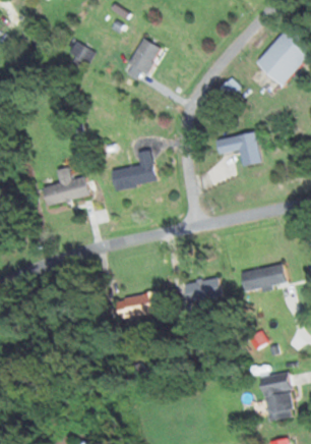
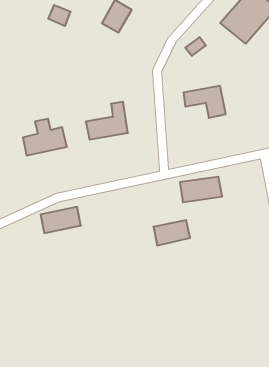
building: [241,265,287,292] -> [180,177,222,202]
building: [113,292,157,321] -> [41,207,81,233]
building: [260,372,296,422] -> none

